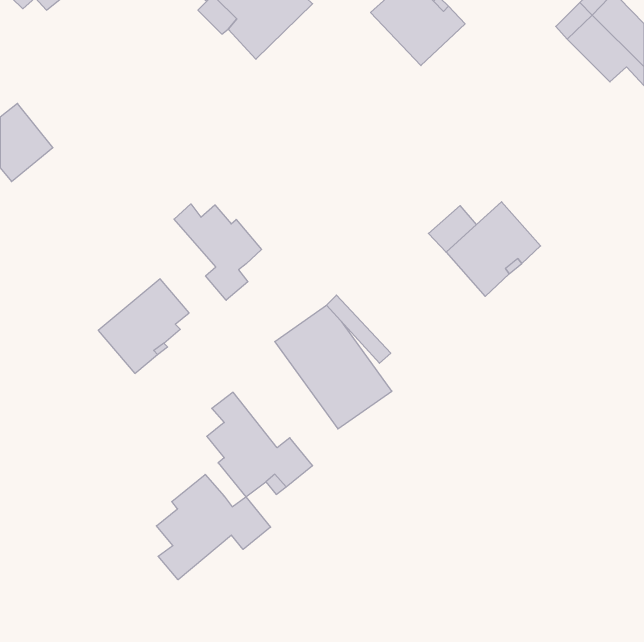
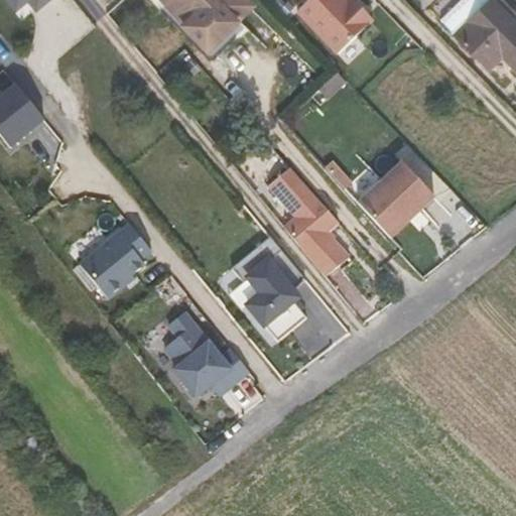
building: [174,204,262,300] -> none
building: none -> [270,170,351,278]
building: [156,474,271,580] -> none

